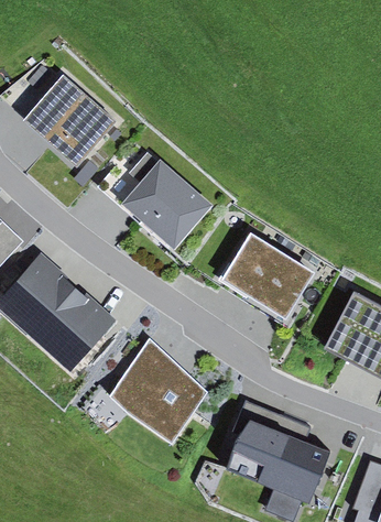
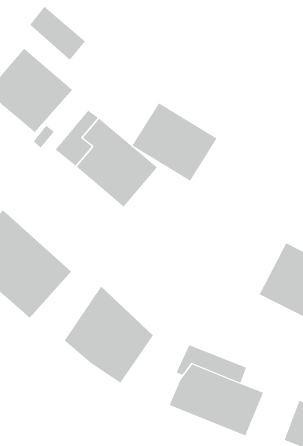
building: none -> [29,6,86,60]
building: [220,232,315,319] -> [132,102,218,181]

